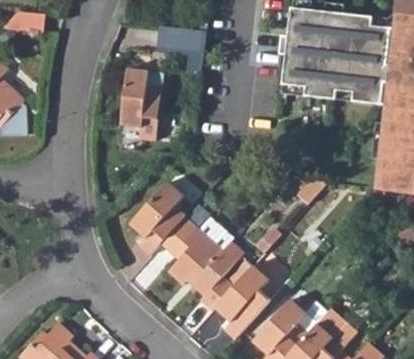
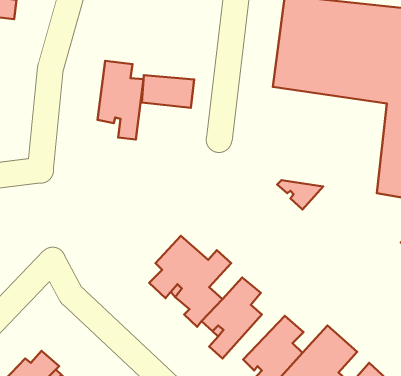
building: [160,24,208,54] -> [142,75,194,108]
building: [129,182,196,256] -> none

